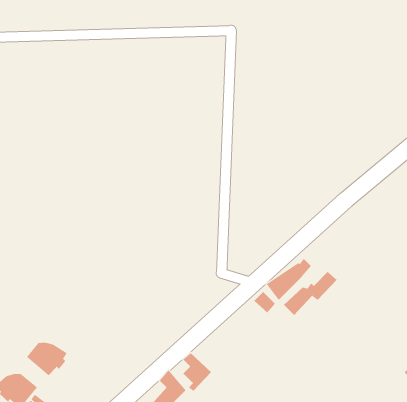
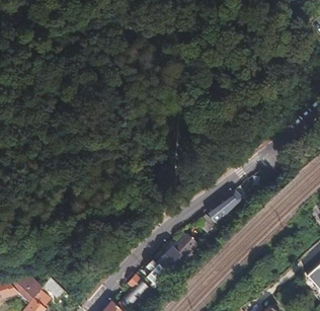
building: [283,271,337,316] -> [157,236,196,268]
building: [26,342,68,376] -> none

